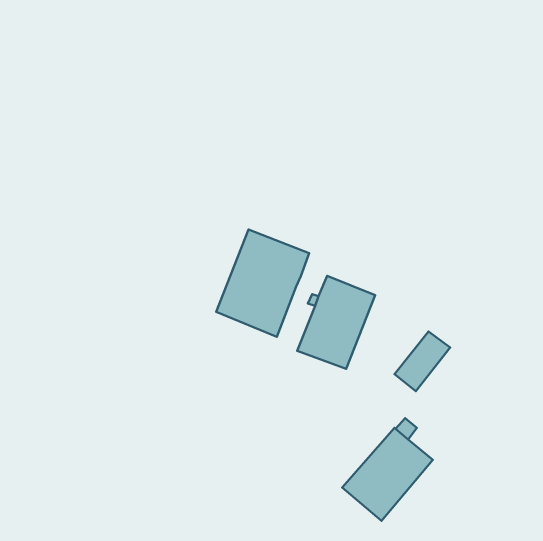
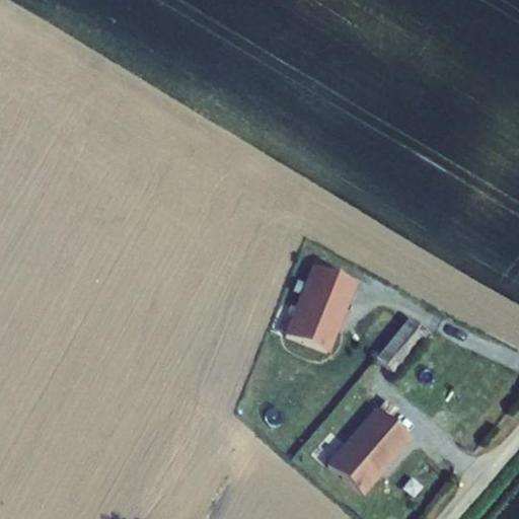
building: [216,230,309,337] -> none

